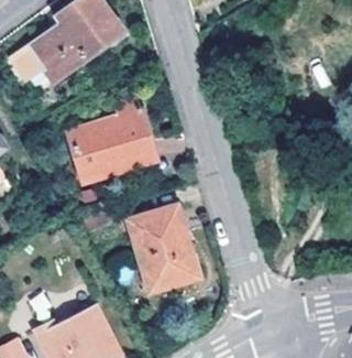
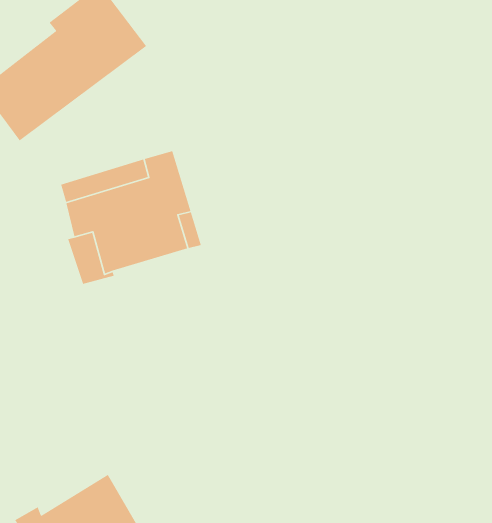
building: [130,206,197,290] -> none

